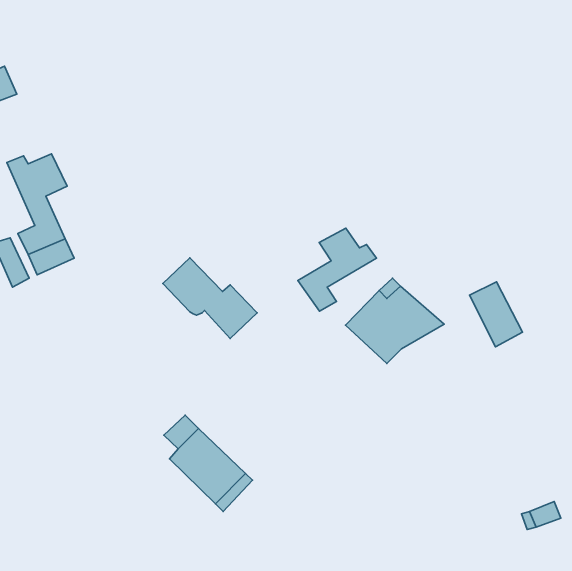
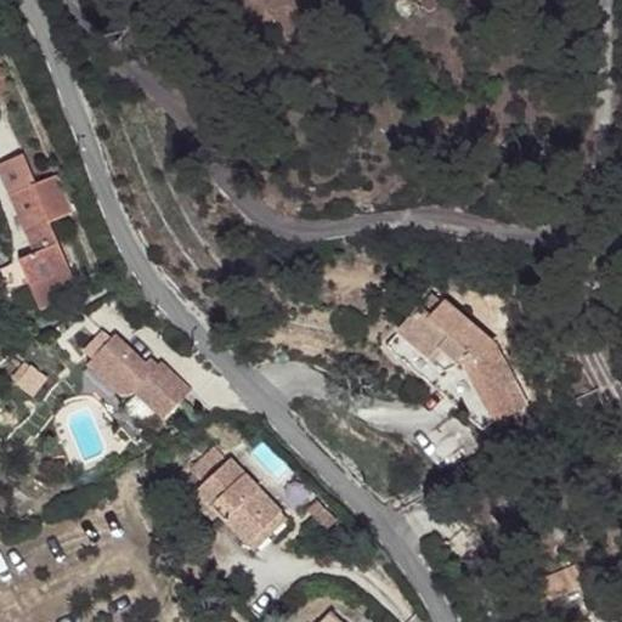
building: [298,228,376,311] -> none
building: [163,258,257,339] -> [87,328,190,415]
building: [470,282,522,347] -> [454,356,511,426]

